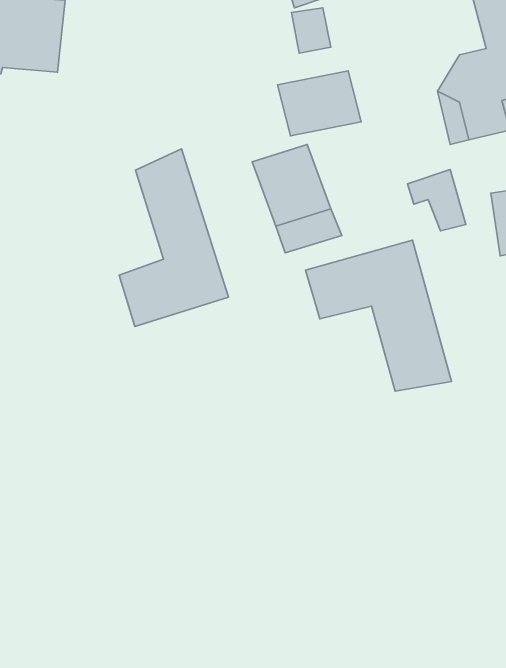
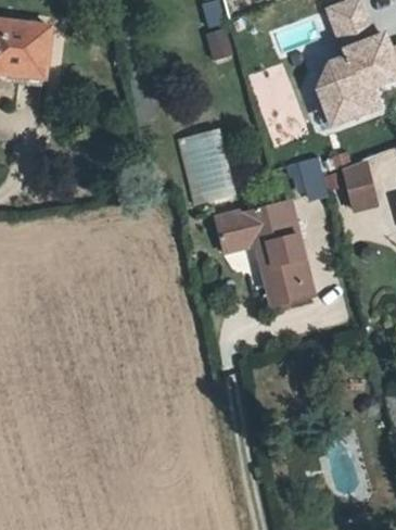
building: [277,71,361,136] -> none
building: [119,149,228,326] -> none

